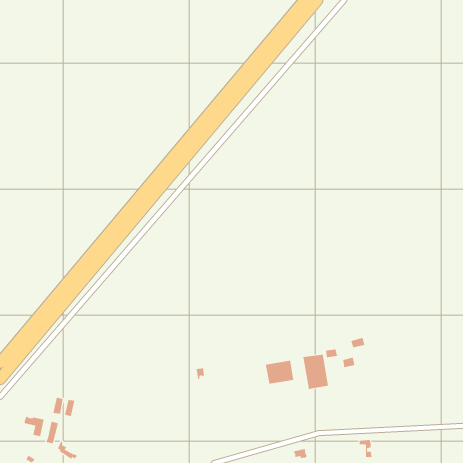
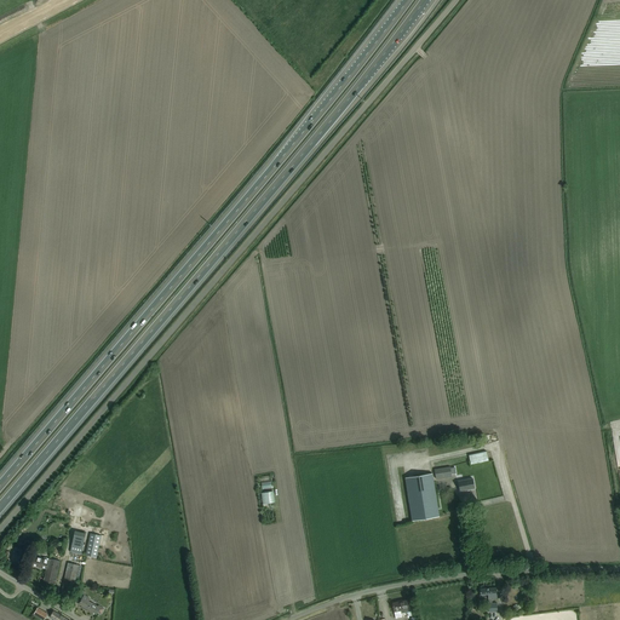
building: [265,360,294,385] -> none

